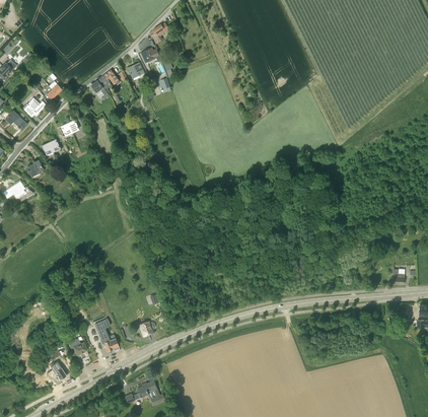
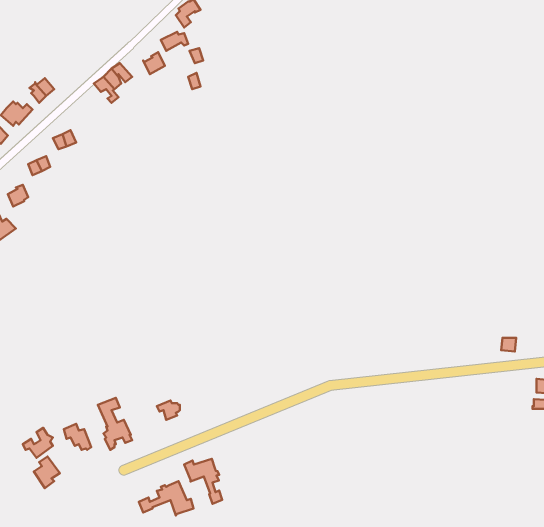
building: none -> [184,459,222,504]

